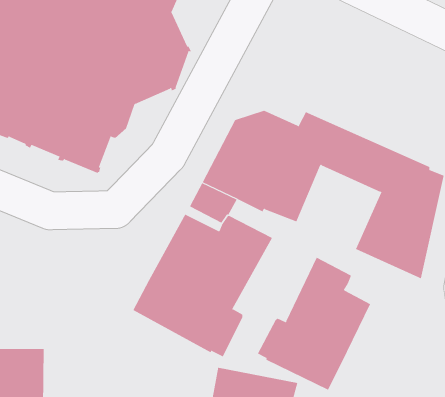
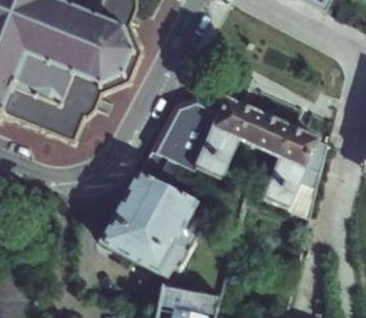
building: [257,257,371,391] -> none

